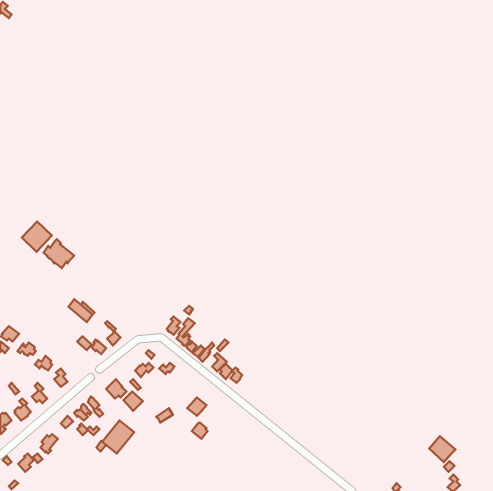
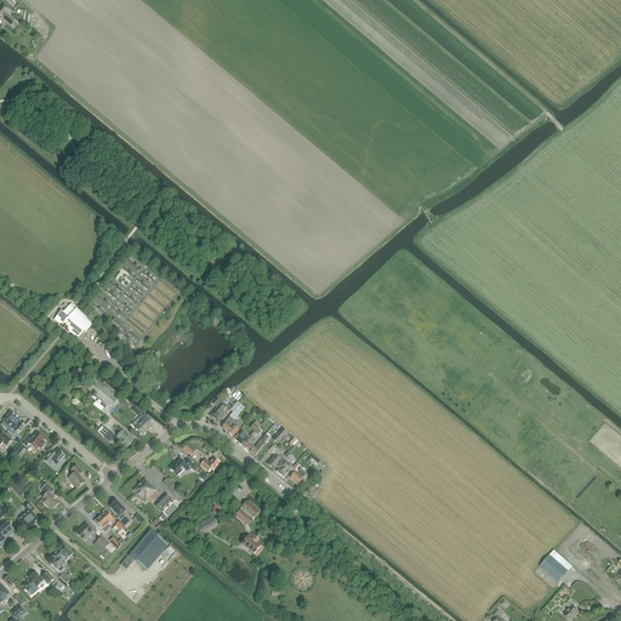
building: [22,221,52,252] -> none

